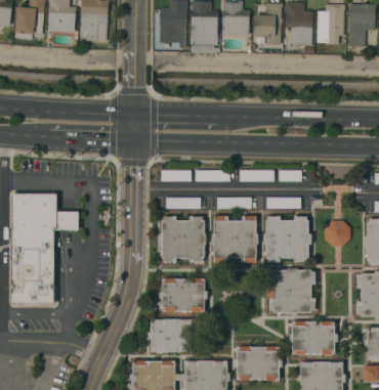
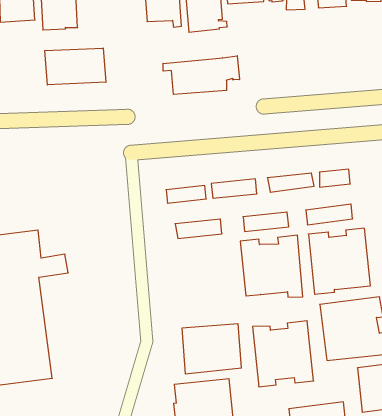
building: none -> [45,48,106,85]
building: none -> [163,56,239,94]
building: [162,216,204,262] -> [253,321,314,387]

